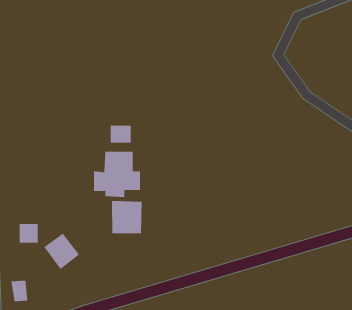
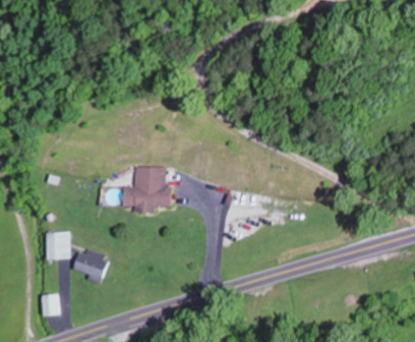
building: [110,125,131,144] -> none
building: [111,200,142,234] -> none

